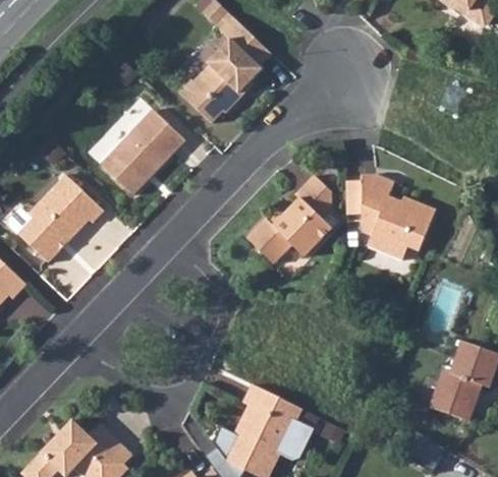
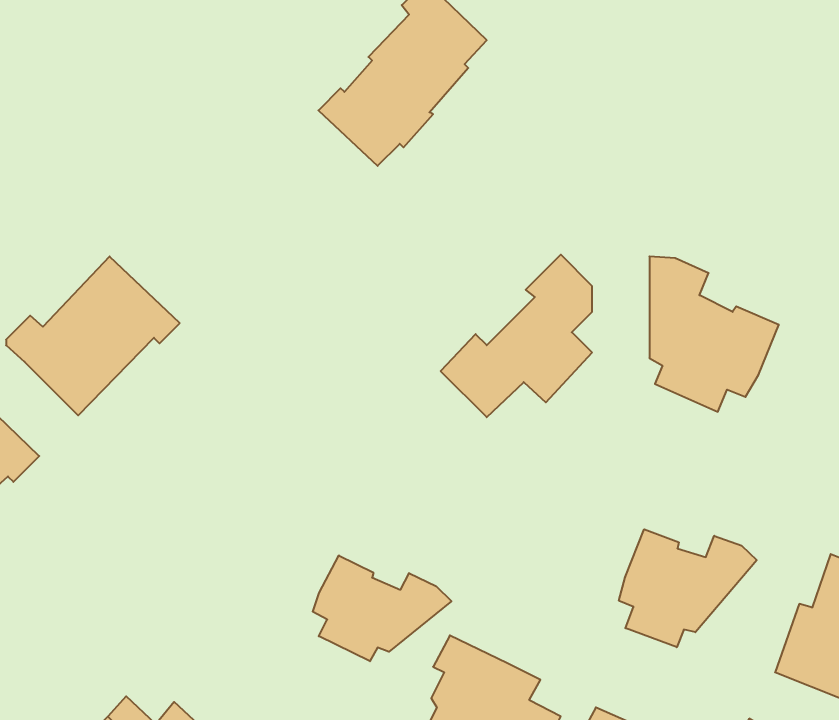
building: [99,111,183,195] -> none
building: none -> [619,529,757,647]
building: none -> [313,555,451,661]

